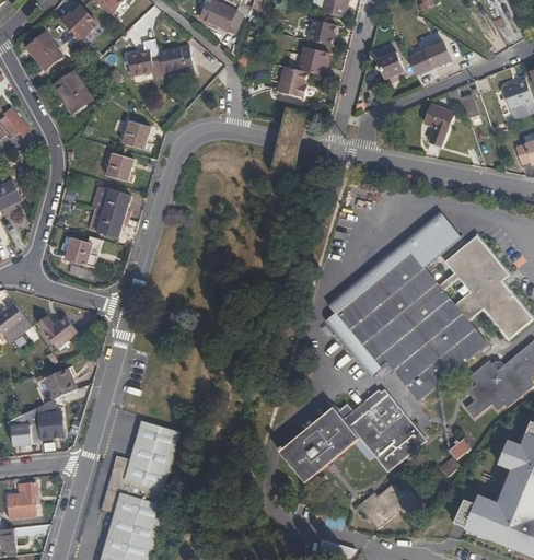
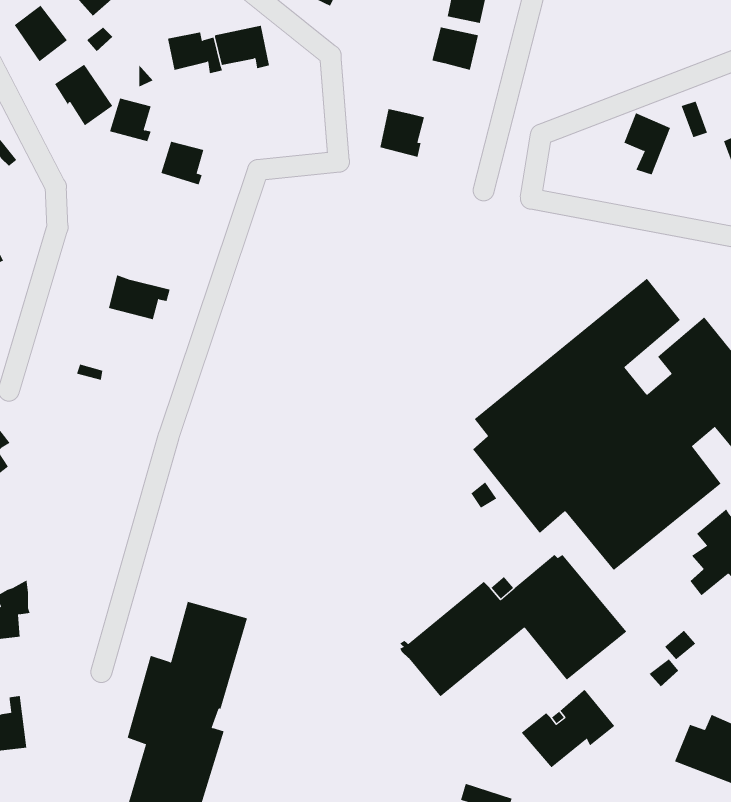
building: [407,42,452,74] -> none
building: [376,51,404,79] -> none
building: [278,66,307,97] -> [379,109,425,158]
building: [106,153,134,182] -> [109,98,151,142]
building: [103,189,130,218] -> none
building: [61,235,102,267] -> none
building: [38,315,76,346] -> none
building: [45,368,78,398] -> none
building: [37,412,63,439] -> none

